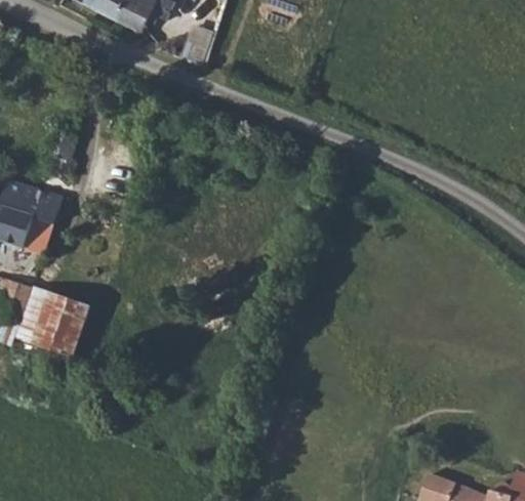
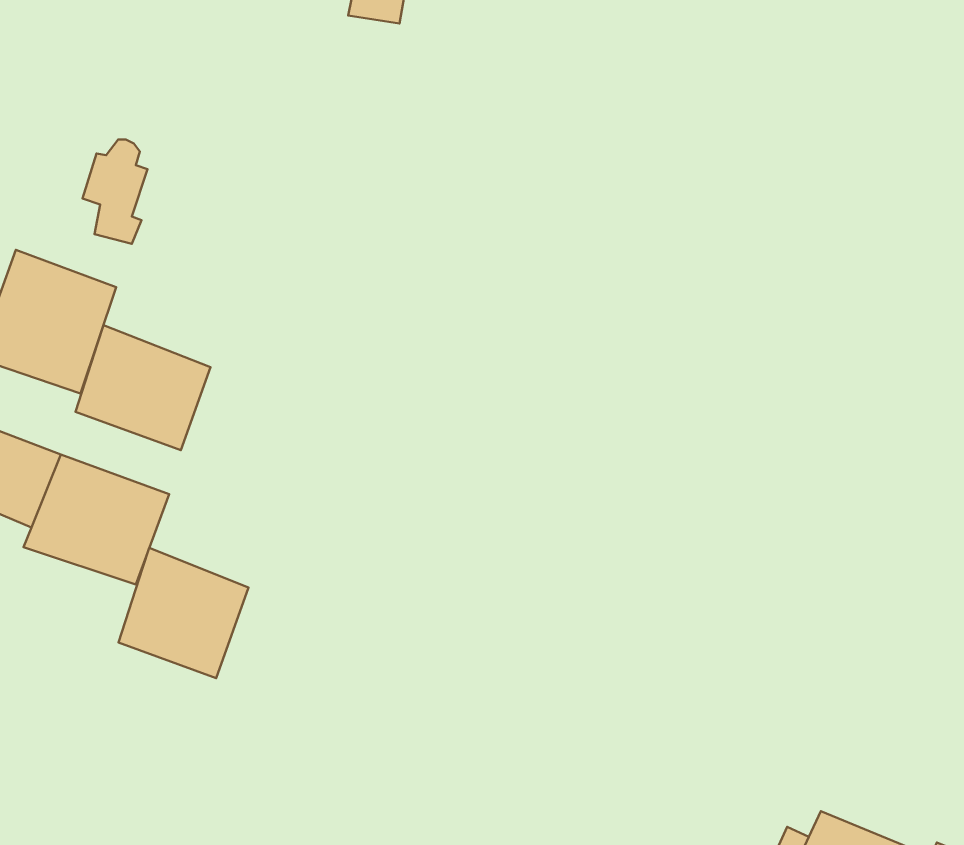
building: none -> [76,325,210,450]
building: none -> [118,548,249,678]

